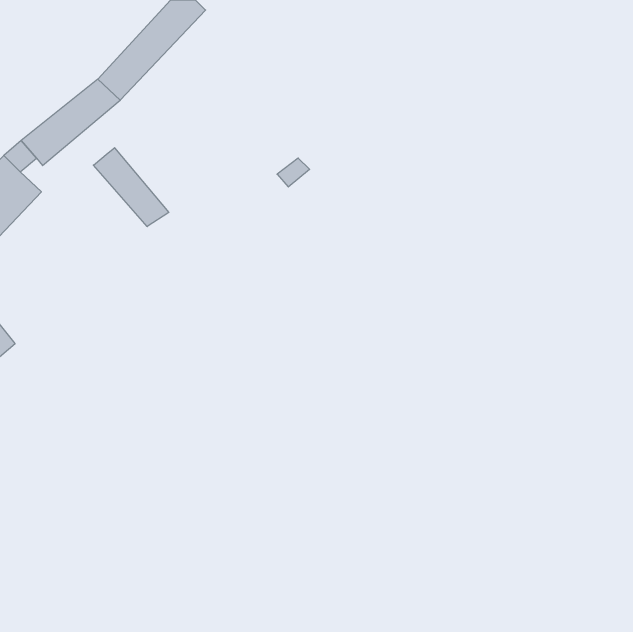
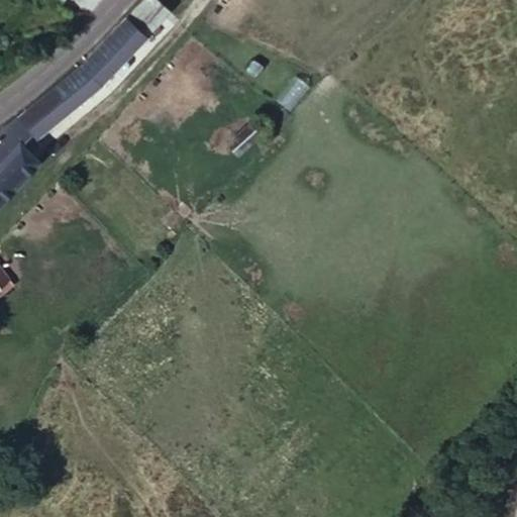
building: [93,148,169,227] -> none

